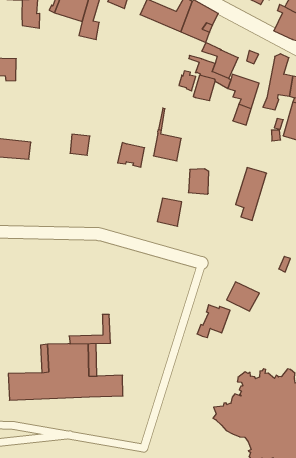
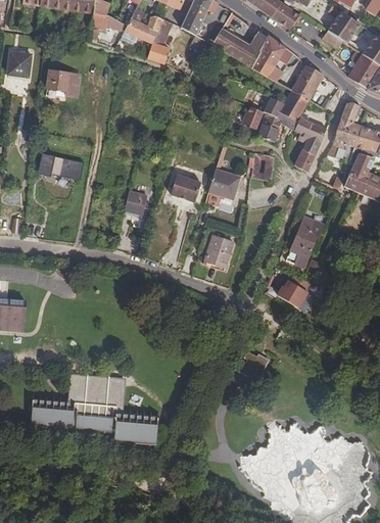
building: none -> [290,65,322,100]
building: [70,134,90,155] -> [125,191,147,215]
building: [188,169,209,194] -> [250,153,274,181]
building: [227,282,259,311] -> [273,278,307,310]
building: [69,314,111,344] -> [113,414,157,444]

